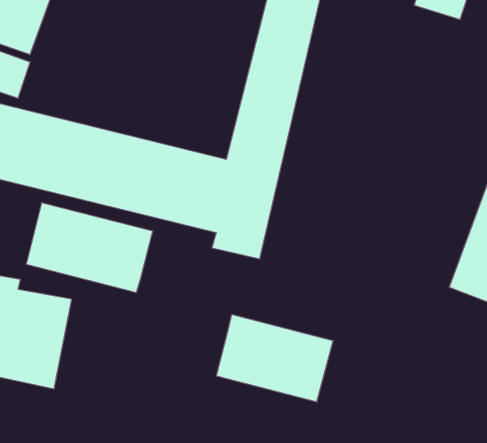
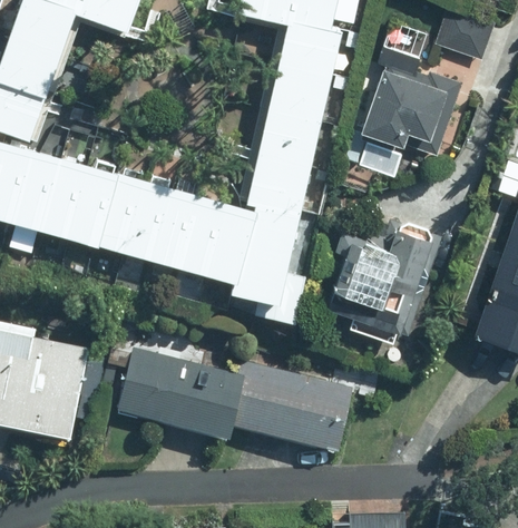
building: none -> [362,48,461,158]
building: none -> [331,221,441,343]
building: [26,203,153,292] -> [117,349,246,440]

